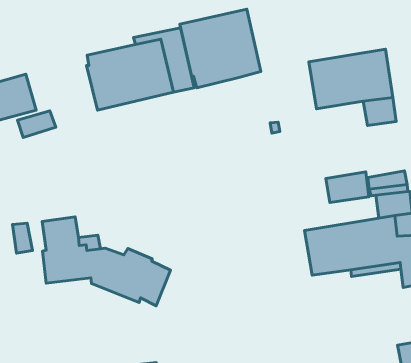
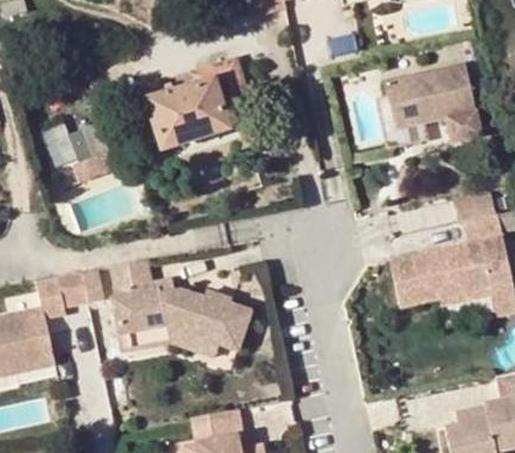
building: [180,9,261,88] -> none
building: none -> [119,324,236,362]

